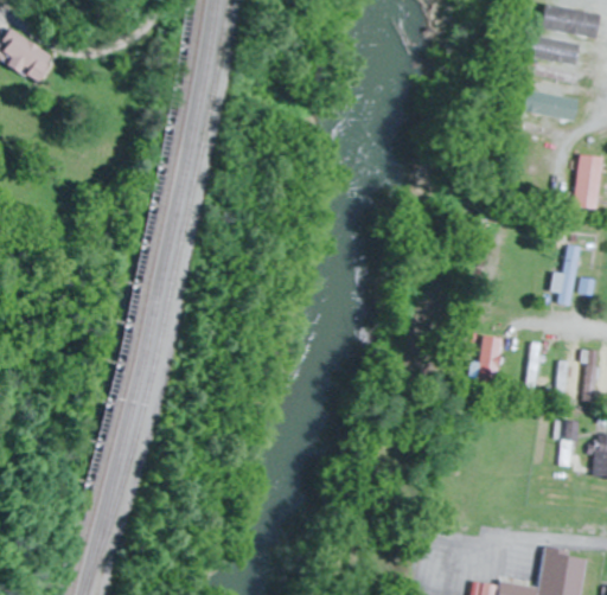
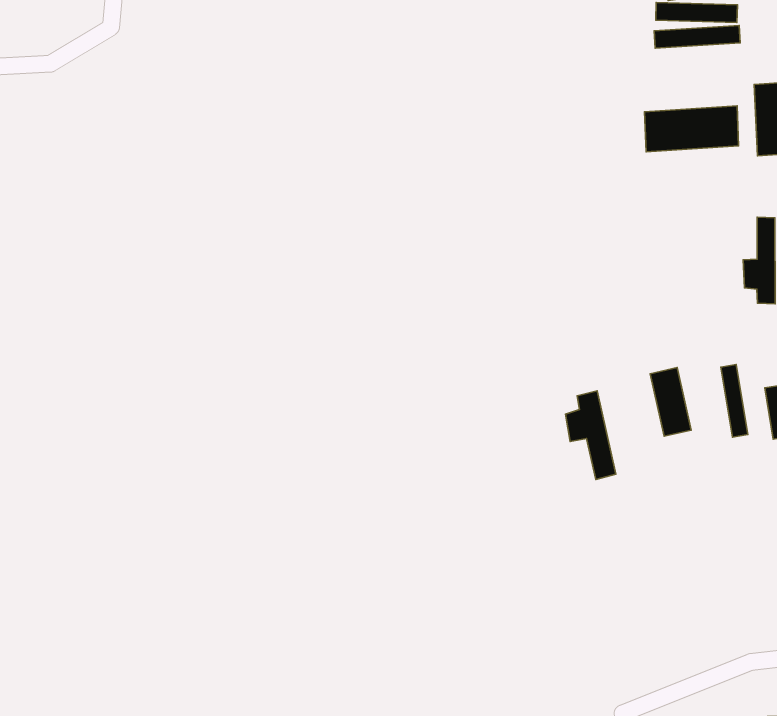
building: none -> [645,106,739,152]
building: none -> [565,391,616,479]

